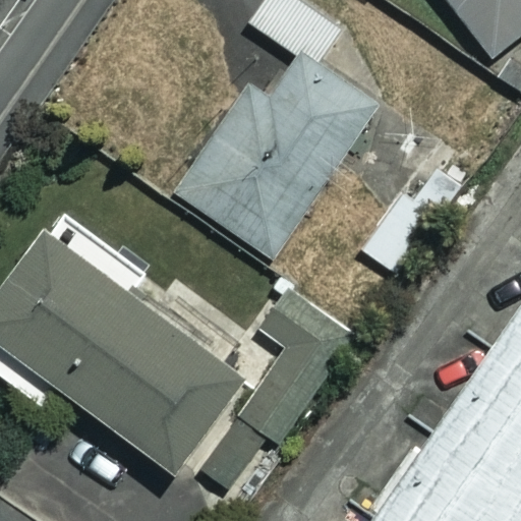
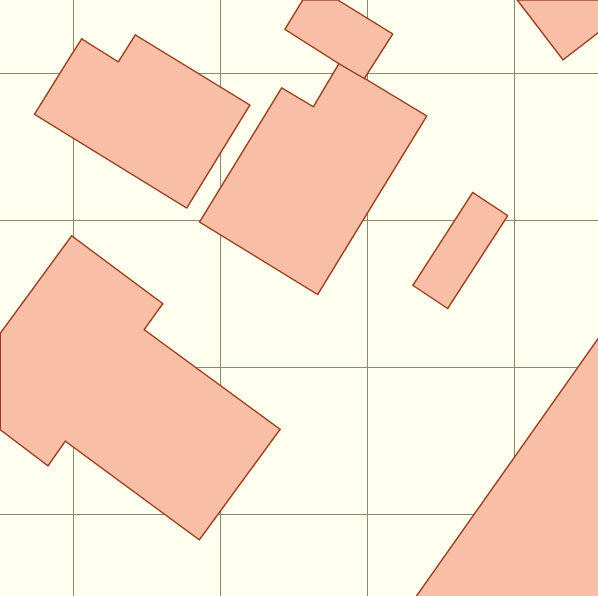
building: none -> [34,35,250,208]
building: [209,293,357,483] -> none

